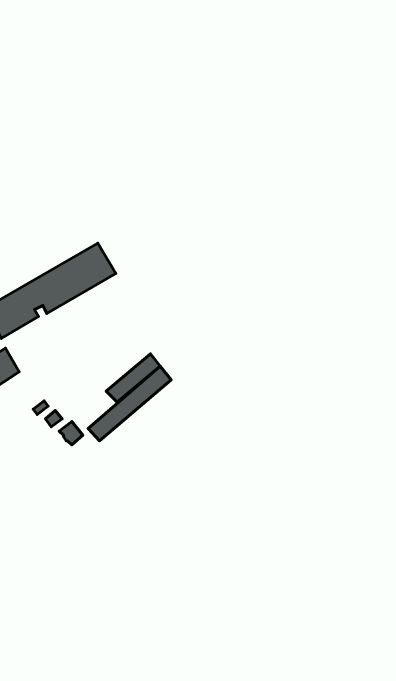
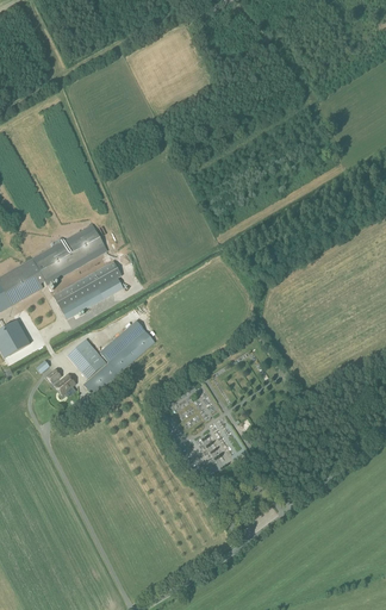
building: none -> [52,260,122,318]
building: none -> [67,338,106,379]

